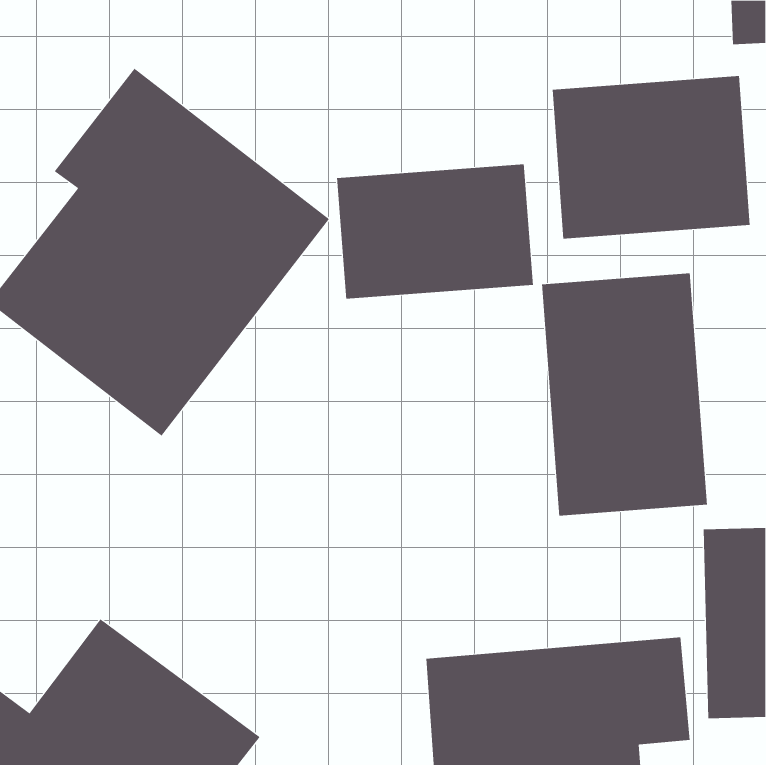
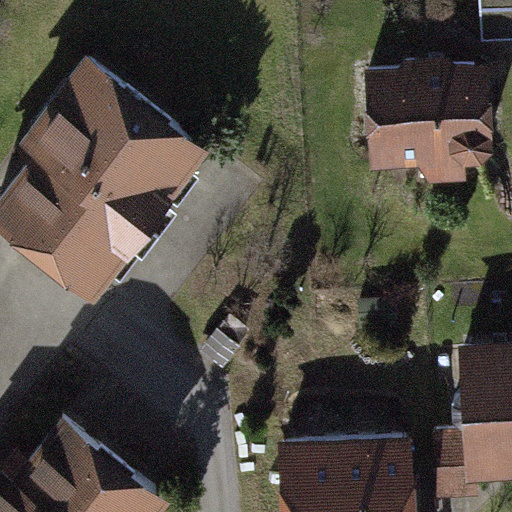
building: [336,164,533,299] -> none
building: [542,272,707,516] -> none

